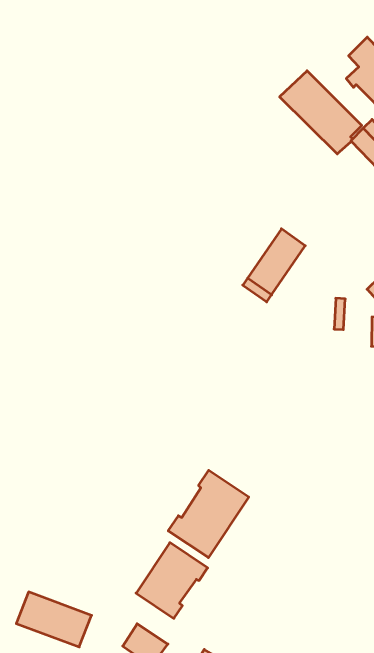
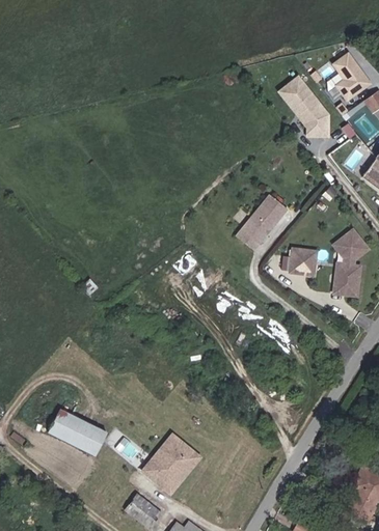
building: none -> [288,250,308,276]
building: [168,470,249,558] -> none
building: [16,592,92,647] -> [51,408,110,453]

